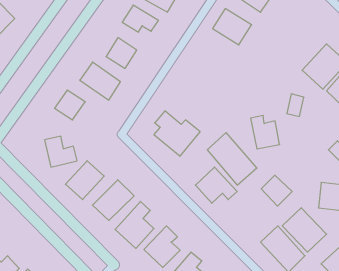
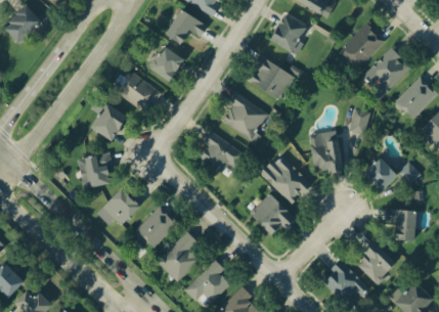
building: none -> [346,25,392,72]
building: none -> [249,57,298,102]
building: none -> [224,95,274,143]
building: [261,175,292,206] -> [361,155,396,190]

